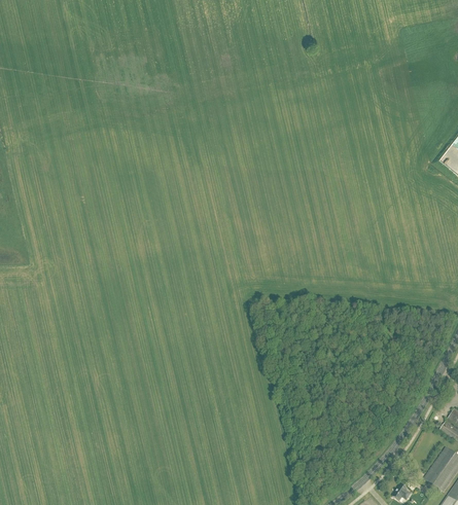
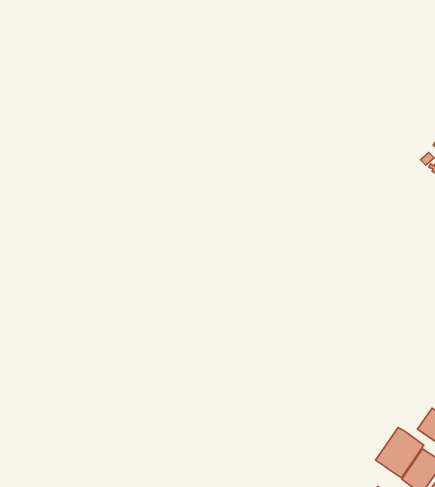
building: none -> [375,427,424,478]

